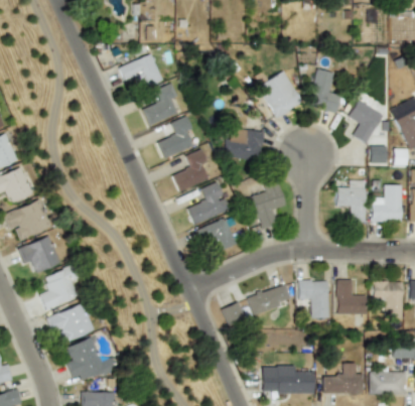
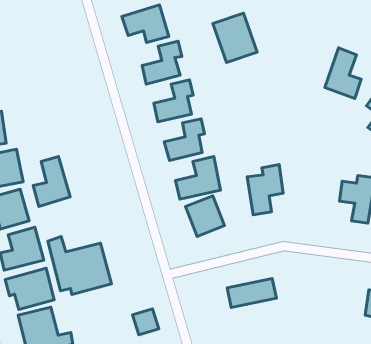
building: [259,72,302,118] -> [213,13,257,63]
building: [225,128,263,163] -> none
building: none -> [33,156,70,207]
building: none -> [48,236,111,295]
building: [337,280,368,315] -> none
building: [298,281,329,318] -> none
building: [221,302,246,327] -> [133,309,159,335]

